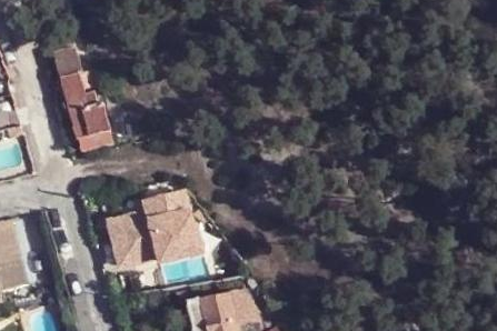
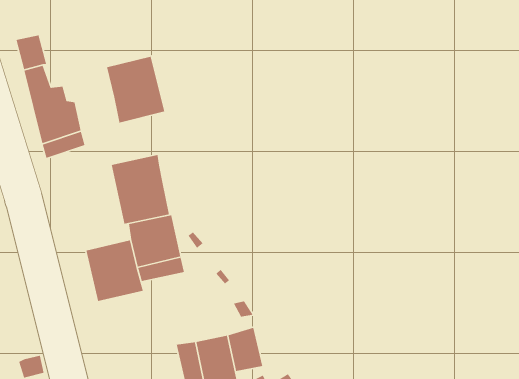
building: none -> [106,56,165,124]
building: none -> [111,154,170,225]

